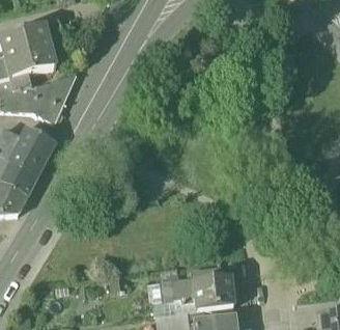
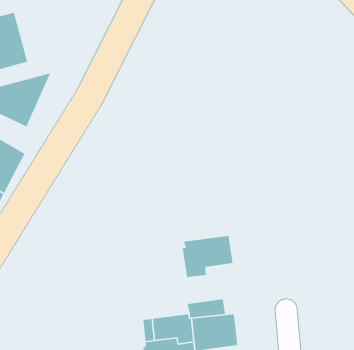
building: none -> [182,235,233,278]

